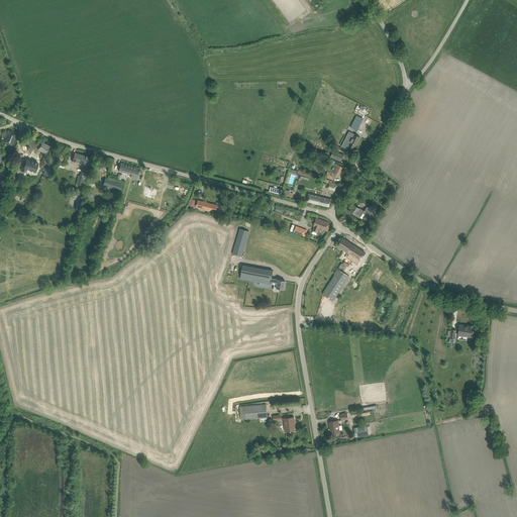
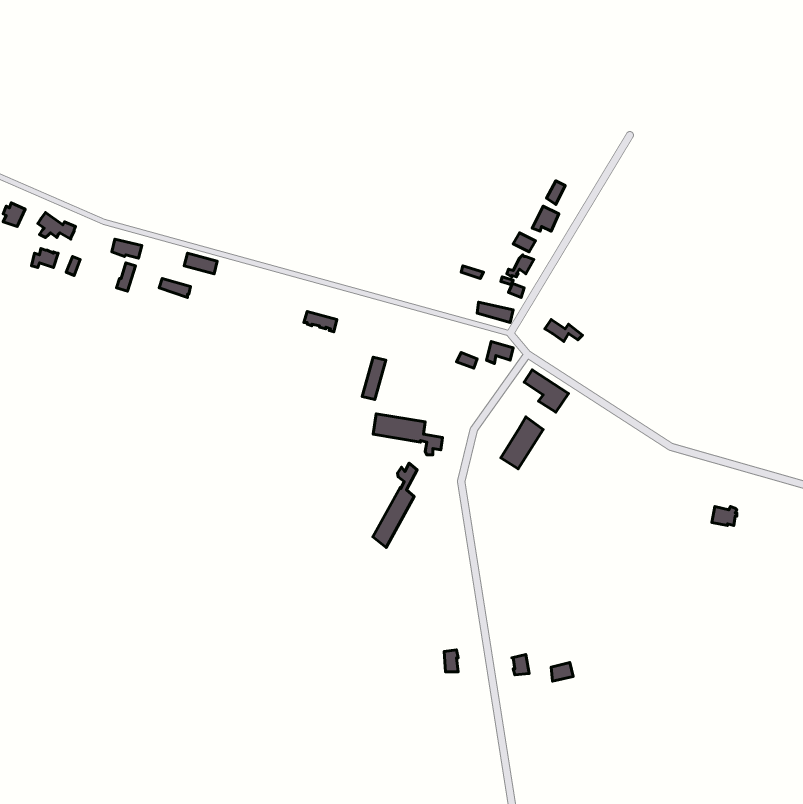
building: none -> [373,463,417,548]
building: [238,404,267,420] -> none

